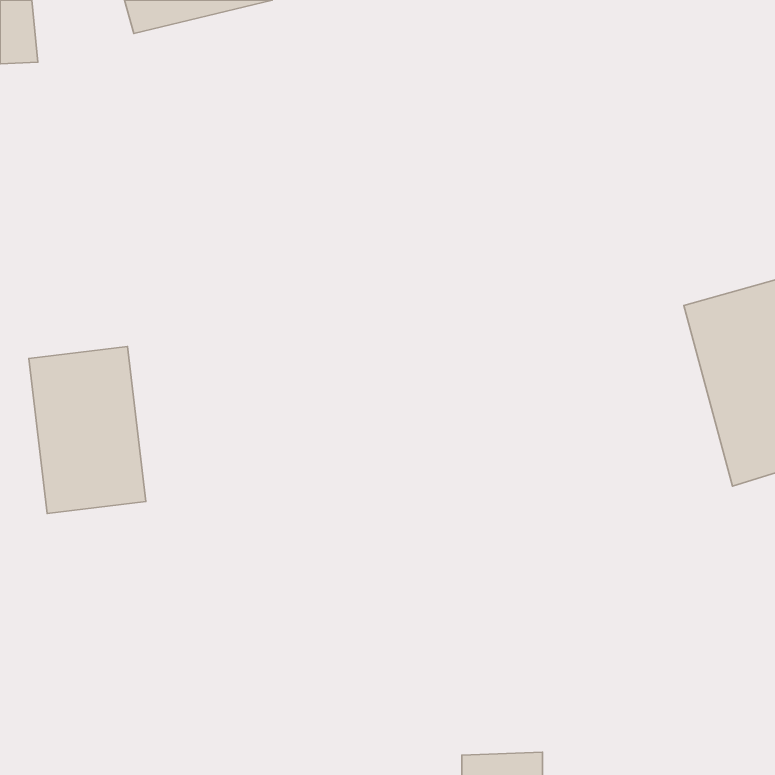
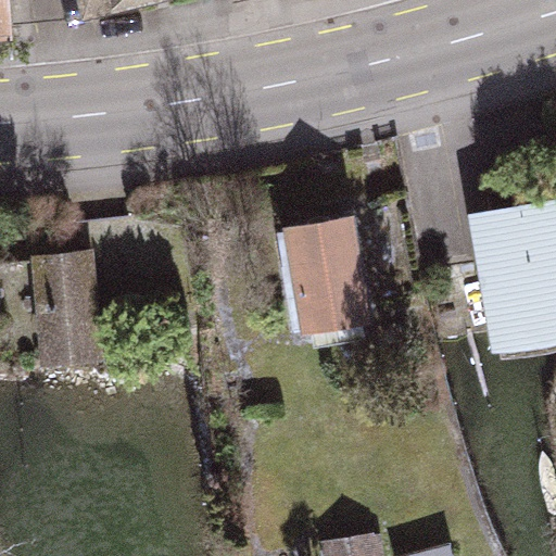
building: none -> [268,215,365,332]

